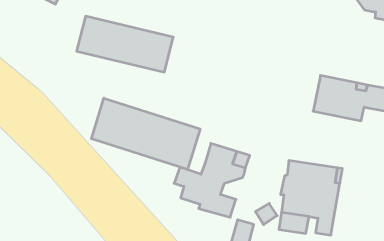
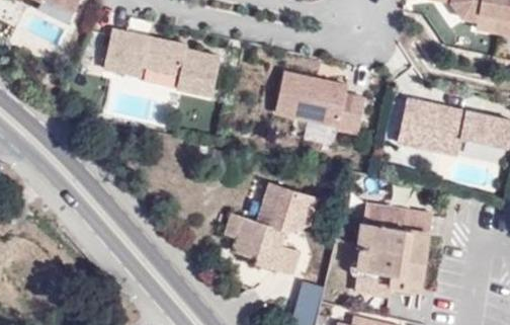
building: none -> [273,70,363,132]
building: [91,98,200,169] -> none

